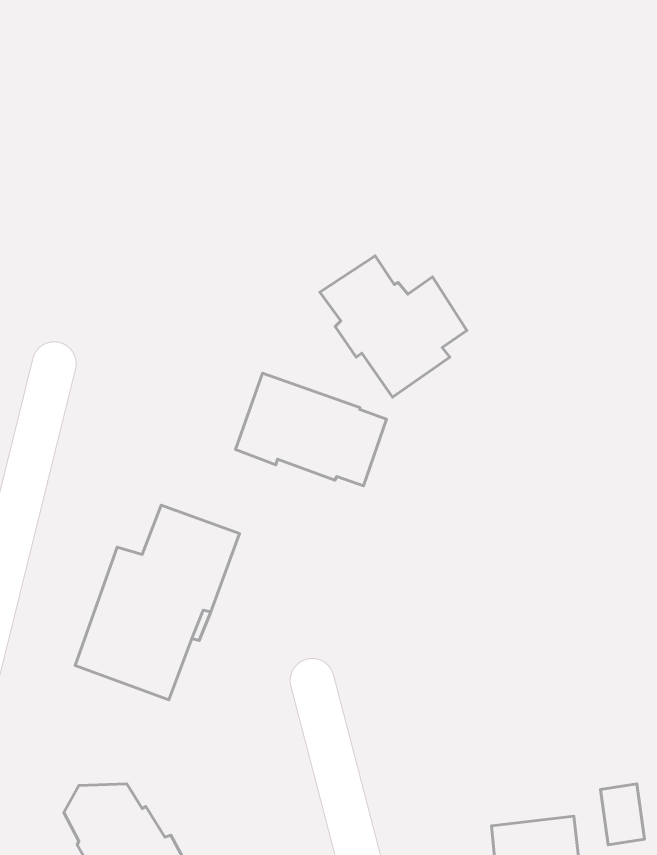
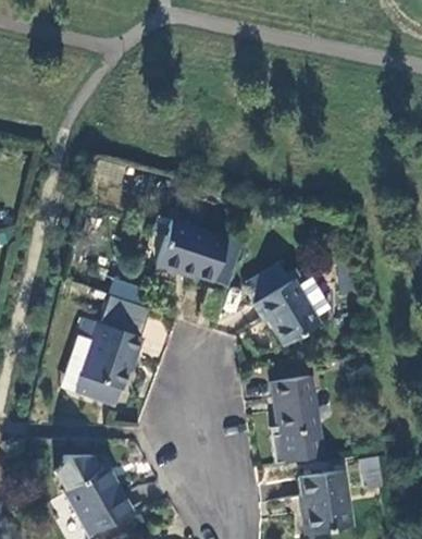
building: [320,256,467,397] -> [245,264,328,344]
building: none -> [271,377,323,463]

